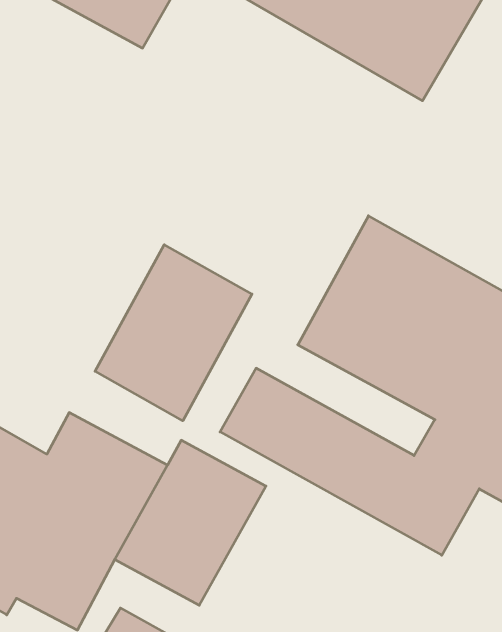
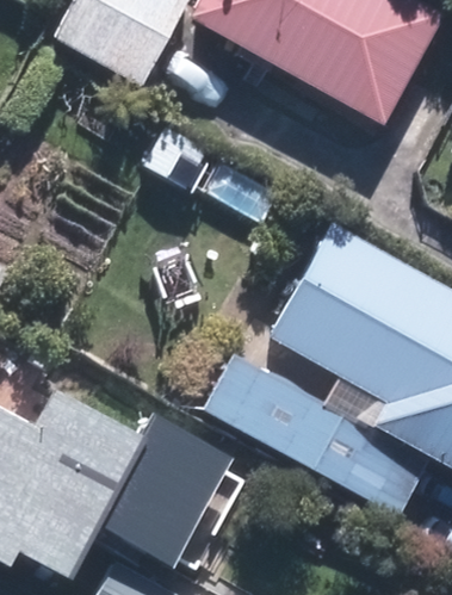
building: [95,245,252,421] -> none

